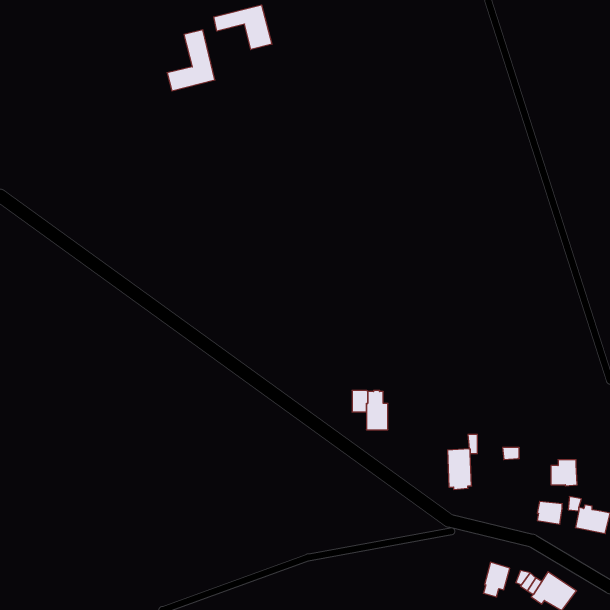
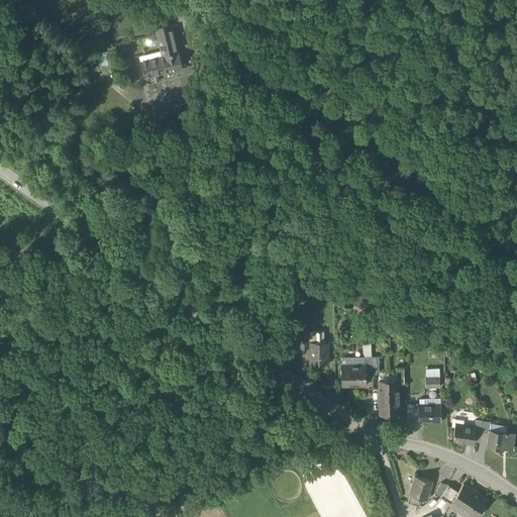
building: [214,5,272,50] -> none
building: none -> [341,357,367,385]
building: [551,460,577,486] -> [419,400,441,422]

